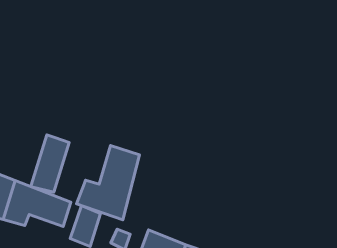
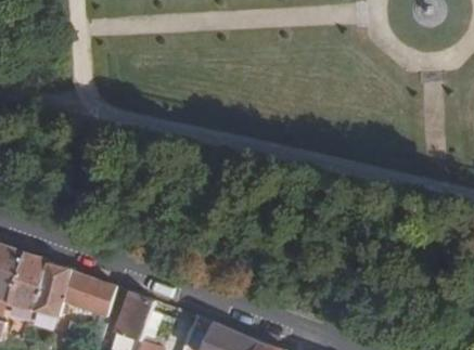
building: [31,135,69,192] -> none
building: [76,145,140,220] -> none

